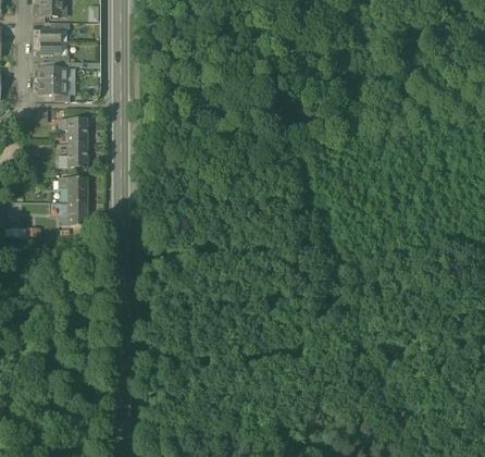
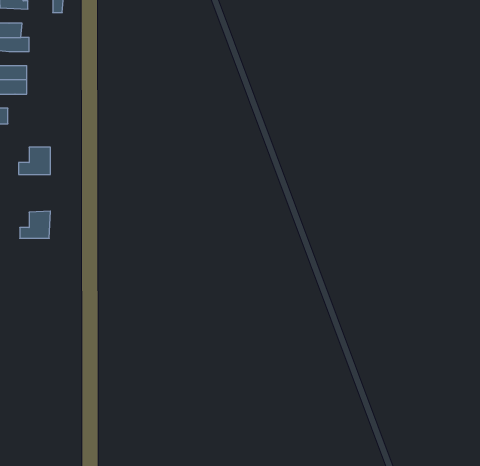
building: [58,119,87,141] -> none
building: [58,178,87,201] -> none

